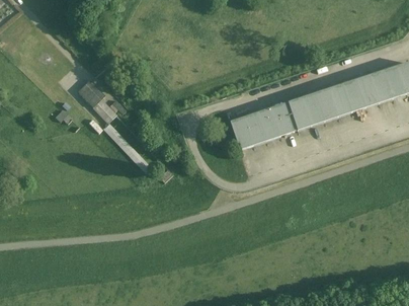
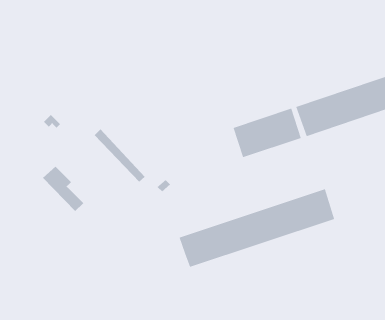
building: [78,79,116,122] -> [42,166,84,212]
building: none -> [179,188,335,268]

